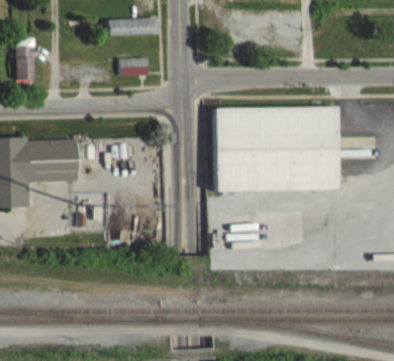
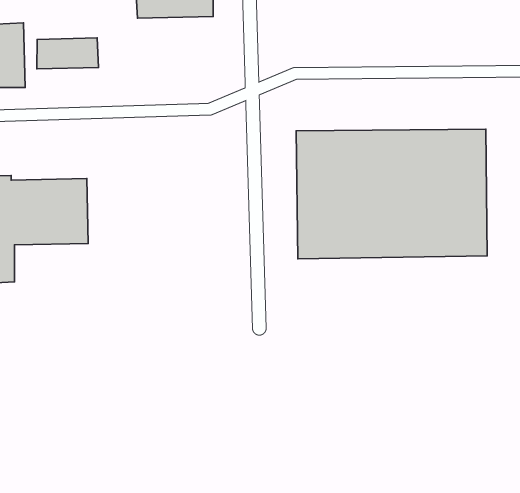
building: none -> [37,38,98,69]
building: [120,57,147,76] -> none

